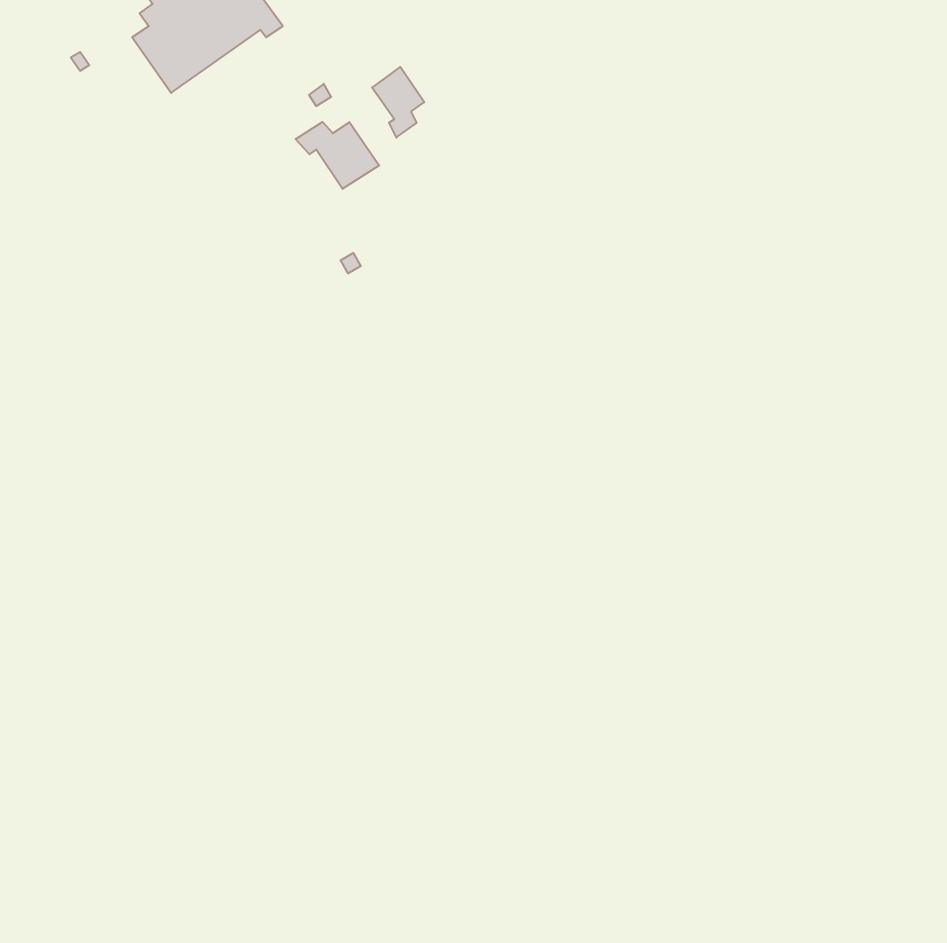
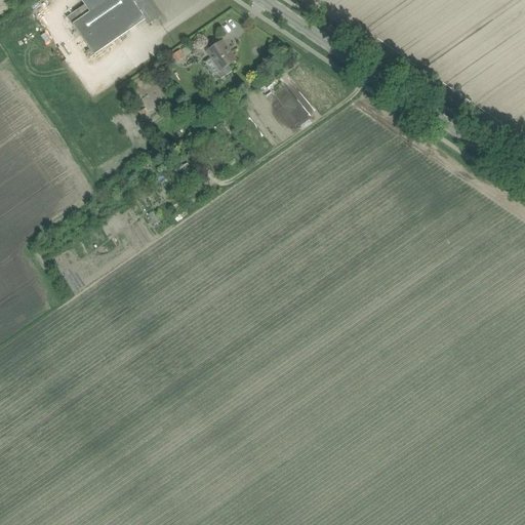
building: [296,122,379,189] -> none

